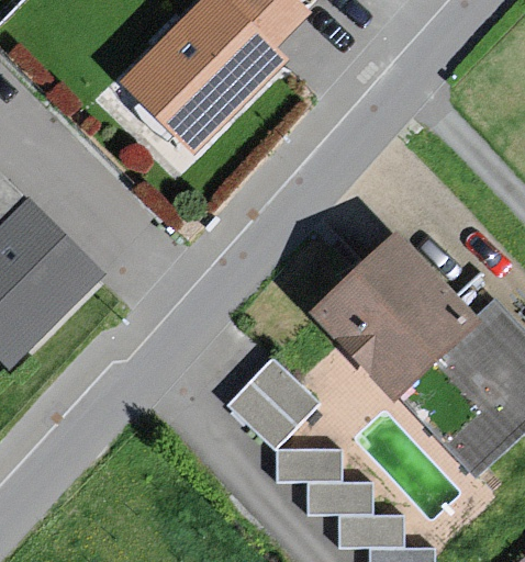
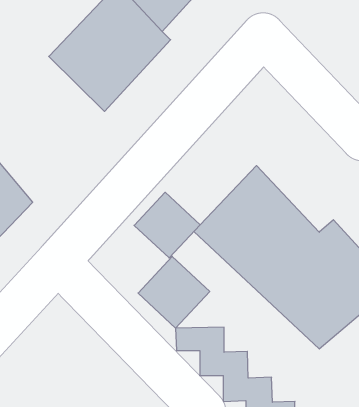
building: none -> [134,192,200,258]

